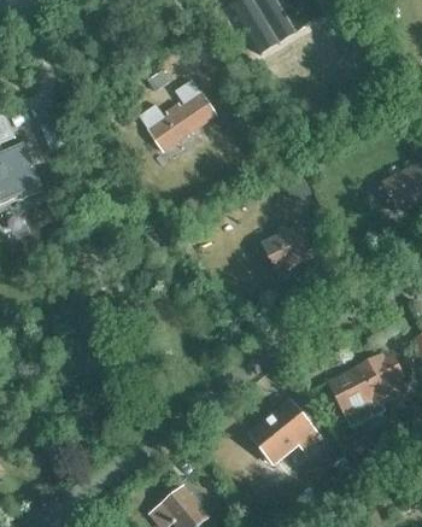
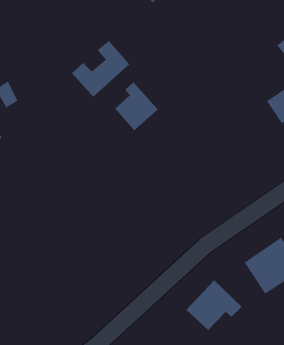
building: none -> [114,81,159,131]
building: [260,223,312,273] -> none

